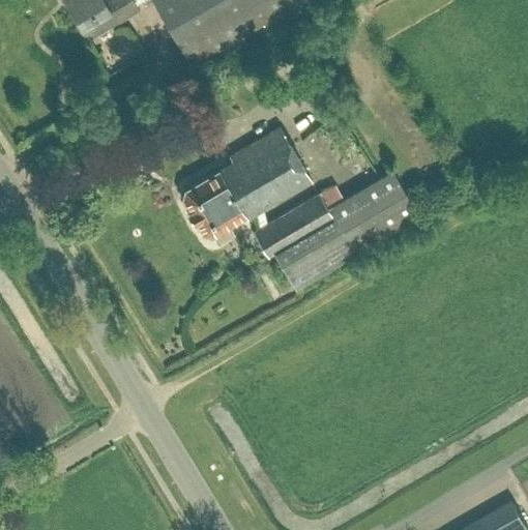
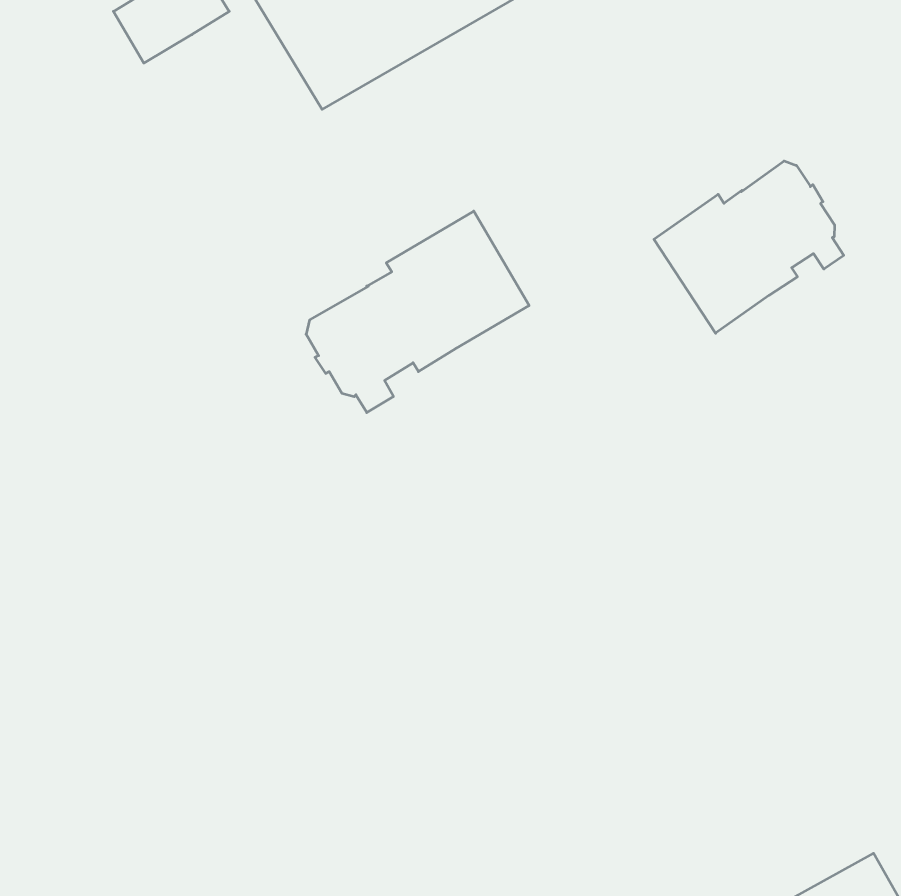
building: none -> [654,161,844,333]
building: [254,178,418,288] -> none

